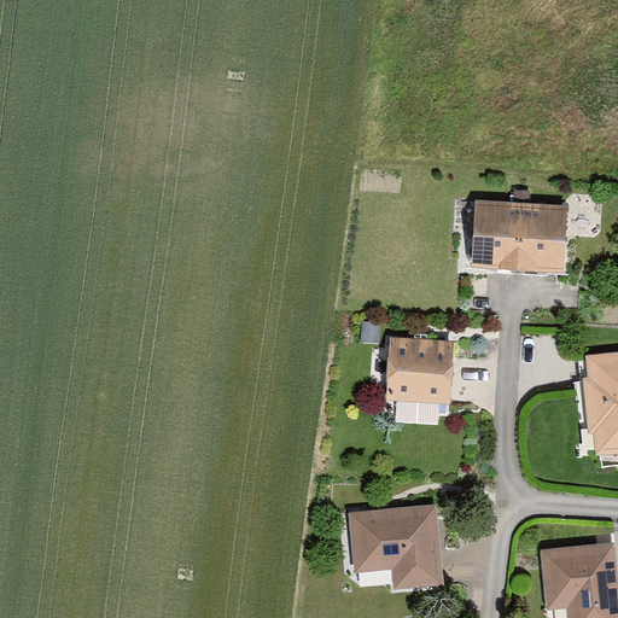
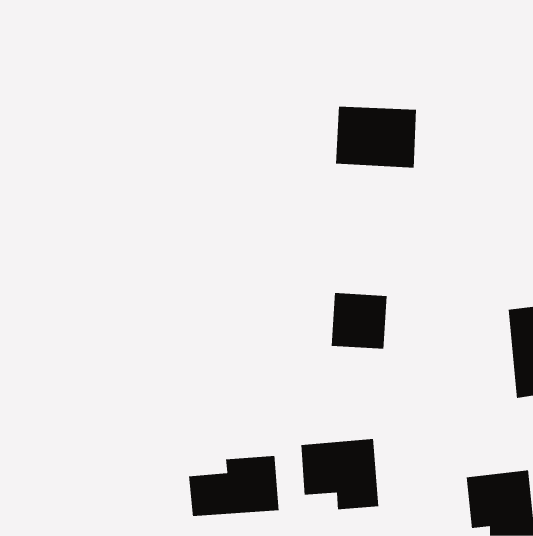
building: [474,202,569,273] -> [335,106,417,168]
building: none -> [189,455,279,517]

